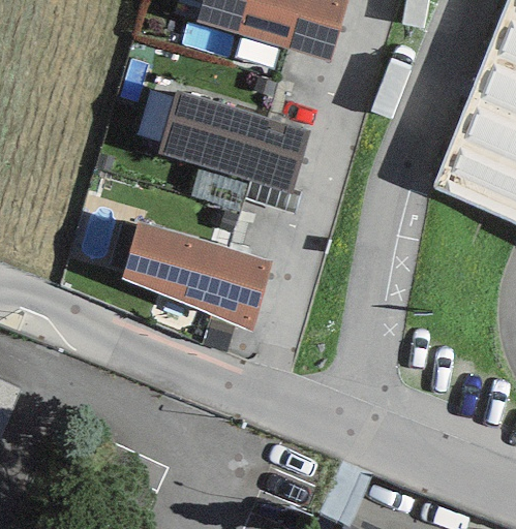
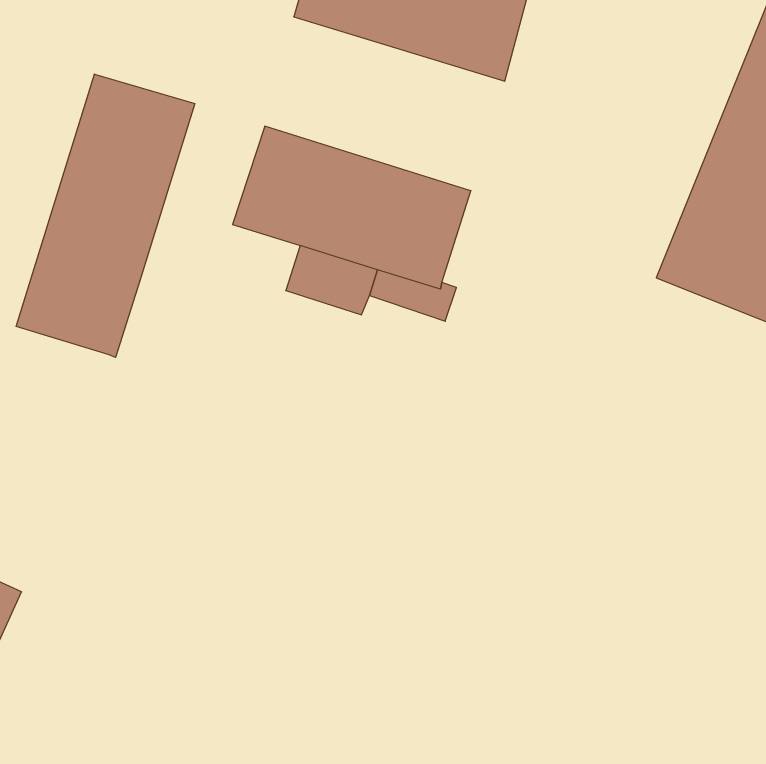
building: none -> [16,74,195,357]
building: [123,222,273,332] -> none

